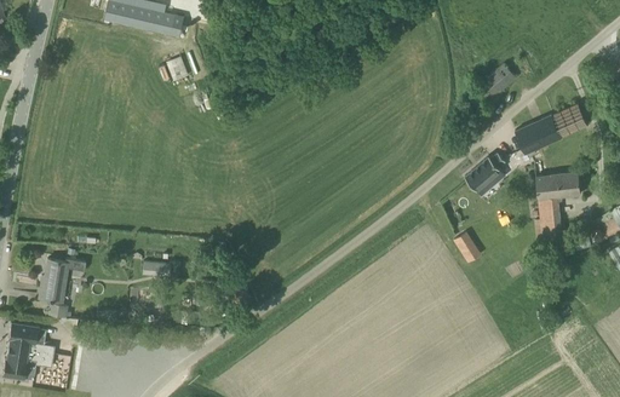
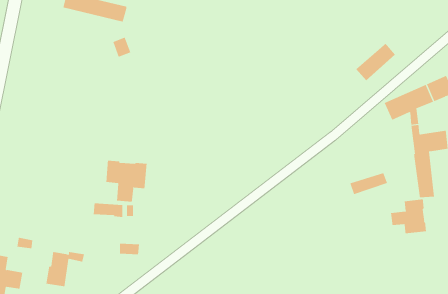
building: [465,150,505,188] -> none
building: none -> [106,160,147,202]
building: none -> [391,199,427,234]
building: [38,257,86,300] -> [46,251,85,287]

